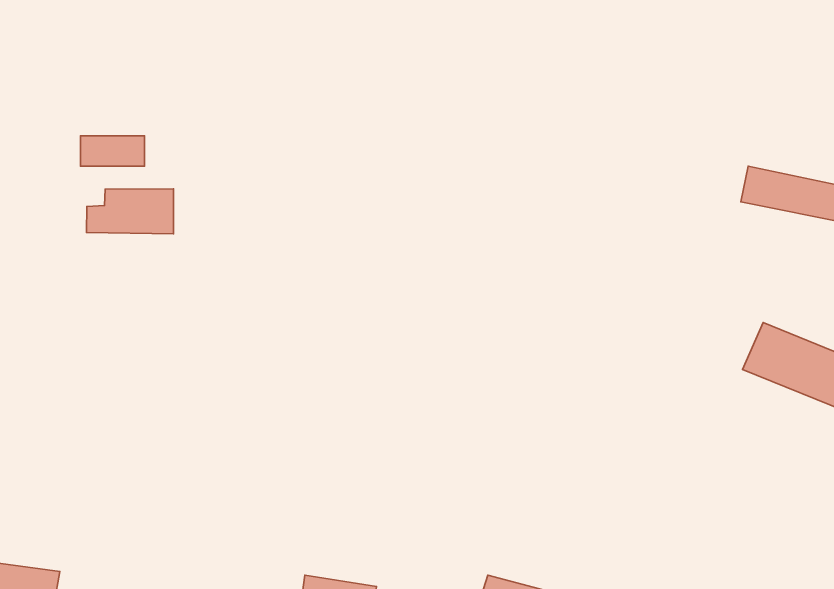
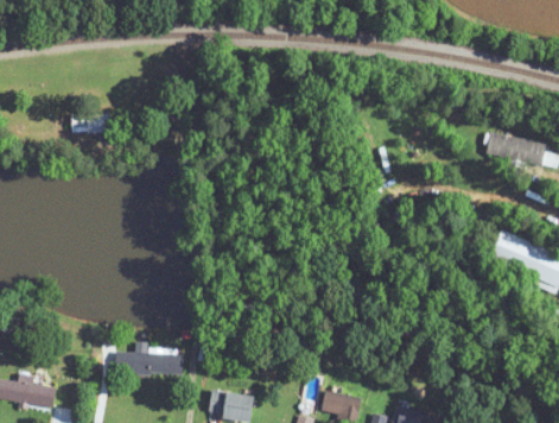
building: [86,189,173,234] -> none
building: none -> [115,342,183,374]

